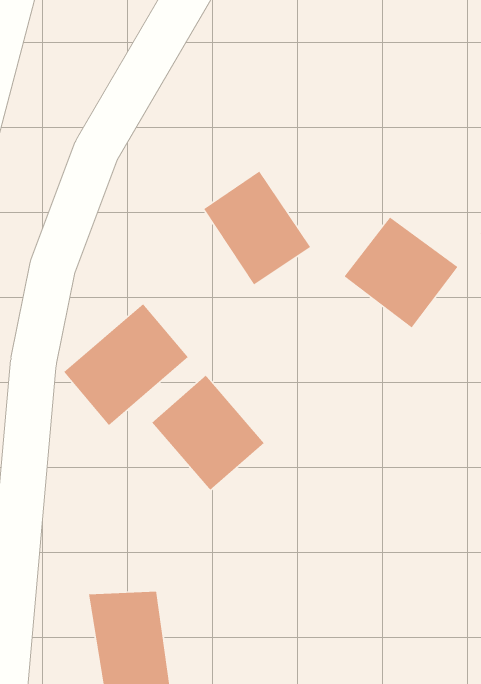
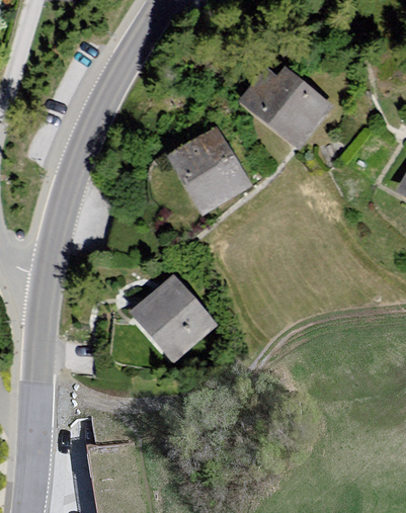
building: [343,216,458,329] -> [251,65,336,148]
building: [63,303,189,426] -> none

